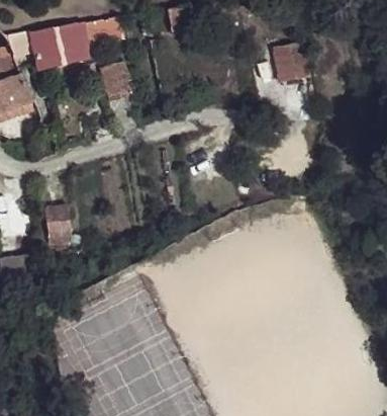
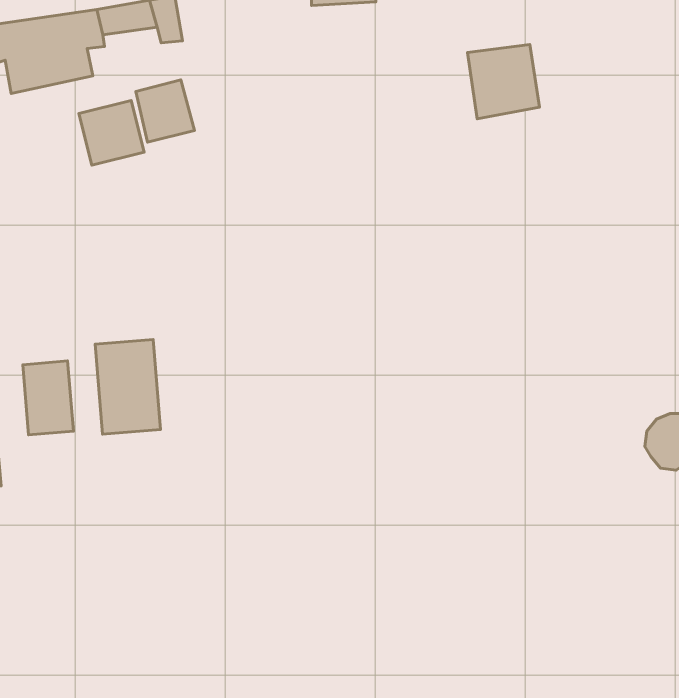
building: none -> [79,100,144,165]
building: none -> [95,340,161,434]

